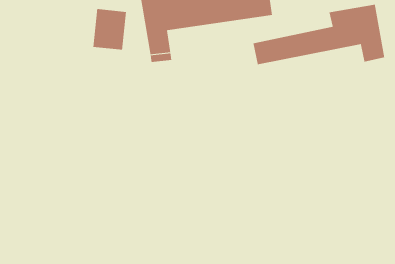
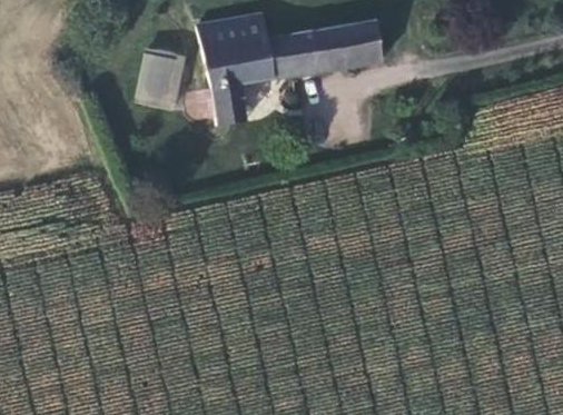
building: [253,4,385,65] -> none

